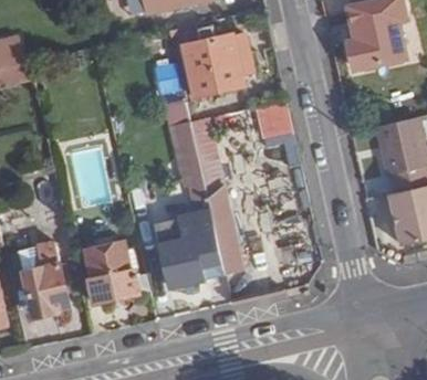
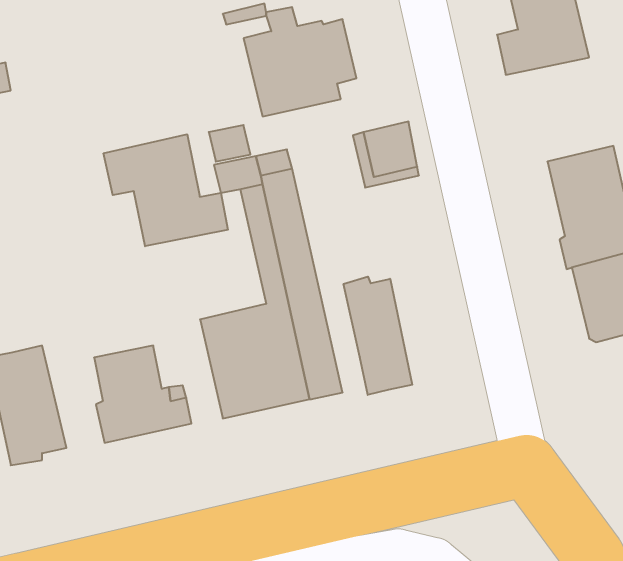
building: none -> [104,134,228,246]
building: none -> [344,277,412,395]

